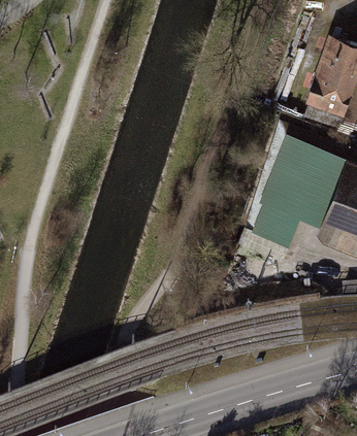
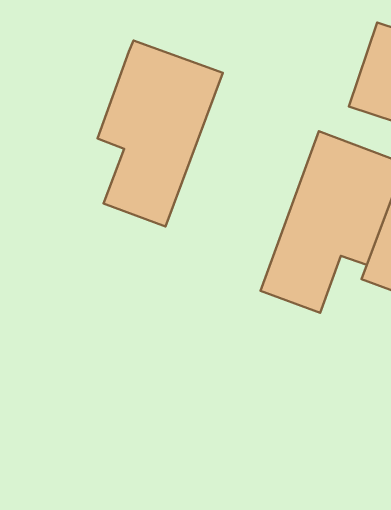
building: none -> [97,41,223,227]

